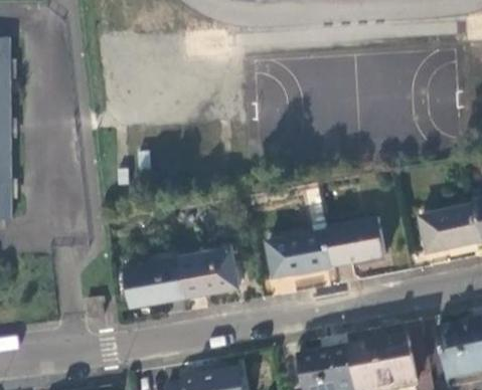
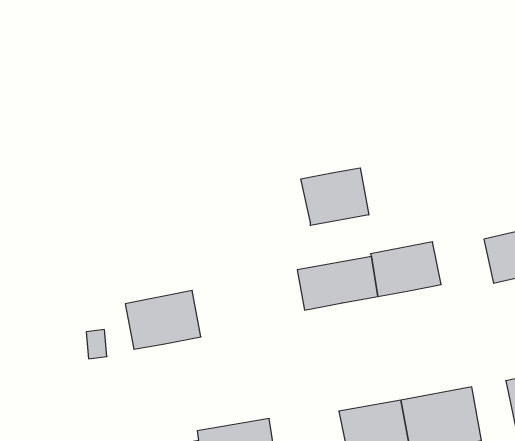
building: none -> [301,168,369,226]
building: [176,248,234,297] -> none

